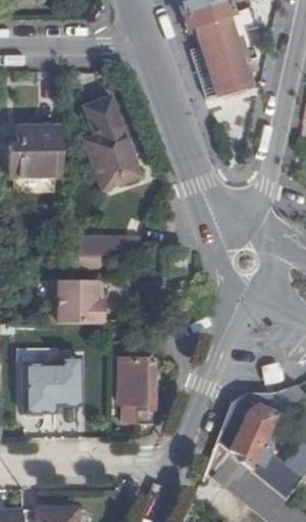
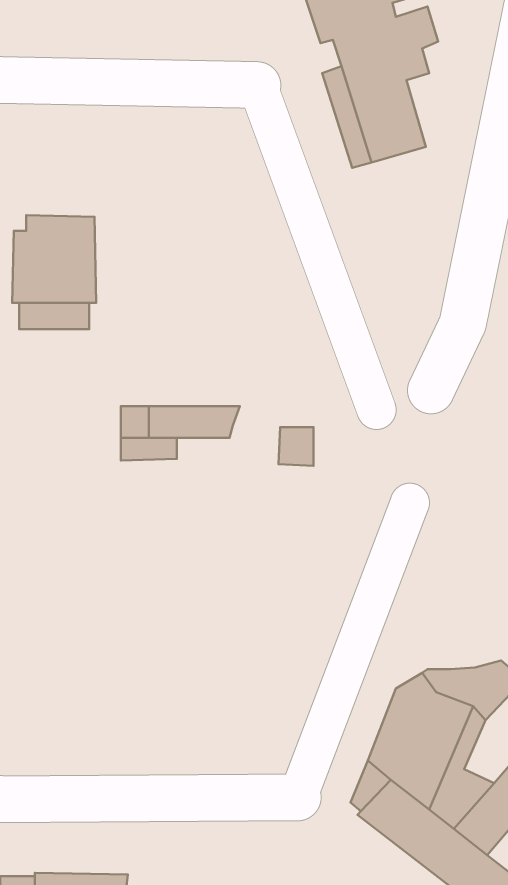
building: [84,98,138,188] -> none
building: [44,280,100,322] -> none
building: [22,356,79,411] -> none
building: [117,357,153,420] -> none

